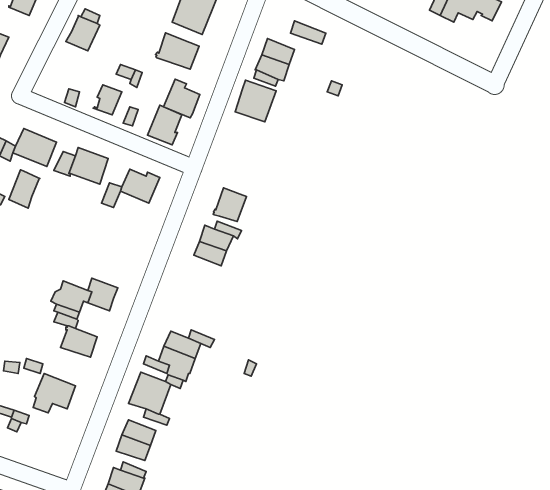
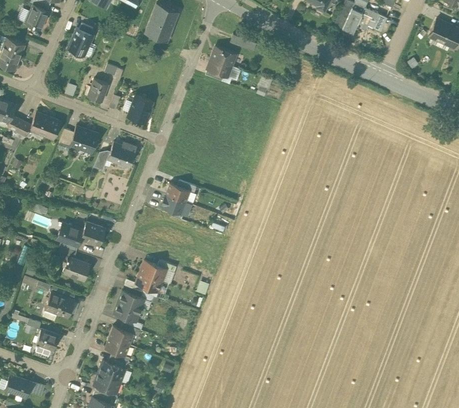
building: [155,33,199,69] -> none
building: [164,79,200,118] -> none
building: [235,80,276,122] -> none
building: [9,170,40,208] -> none
building: [213,188,247,221] -> none
building: none -> [36,330,58,356]

